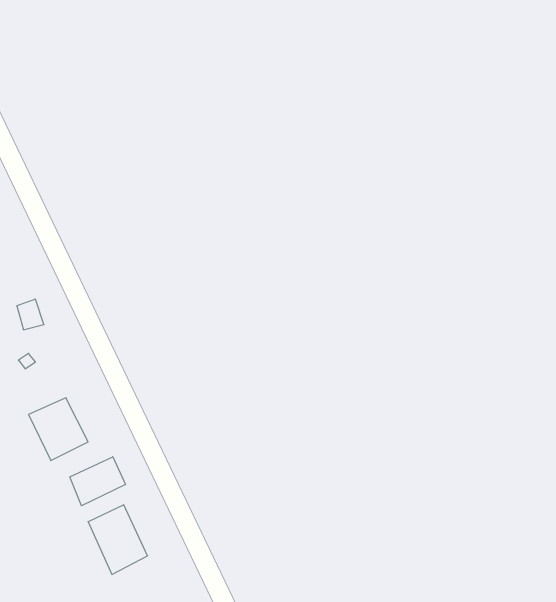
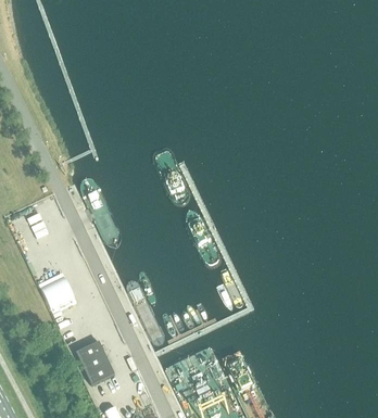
building: [70,457,125,506] -> none

